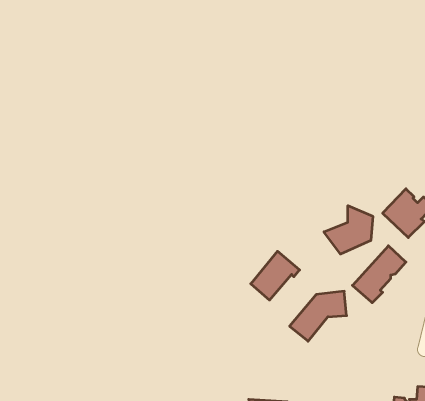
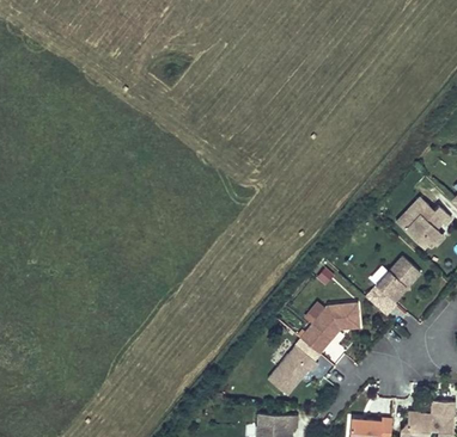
building: [324,206,373,254] -> none
building: [251,251,300,300] -> [268,345,318,395]

